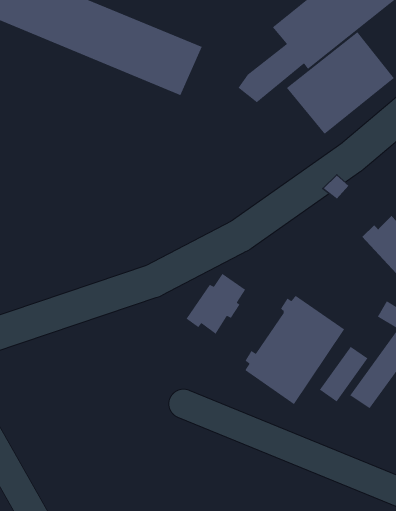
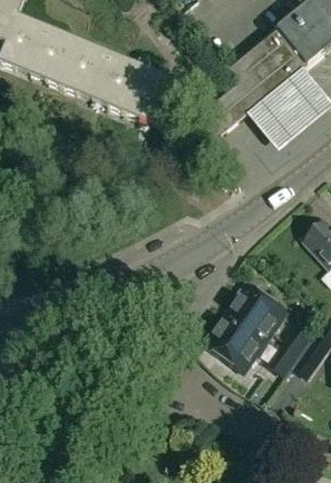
building: [186,273,246,335] -> none

